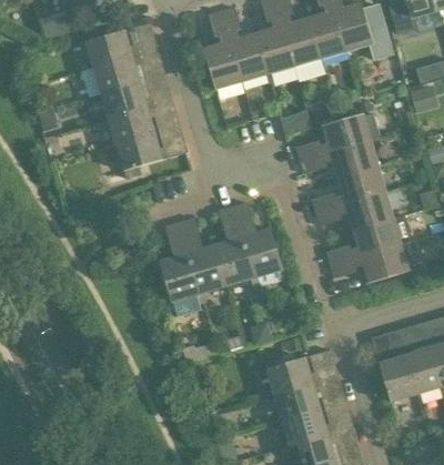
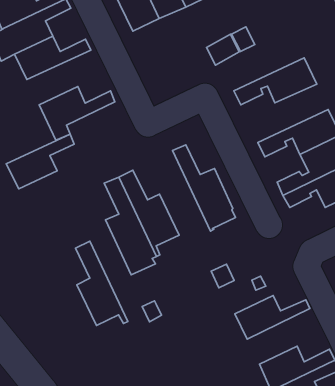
building: [109,99,175,142] -> [6,134,74,189]
building: [297,112,380,159] -> none
building: [312,165,386,211] -> none
building: [215,205,258,287] -> [75,241,128,326]
building: [275,374,342,418] -> none

